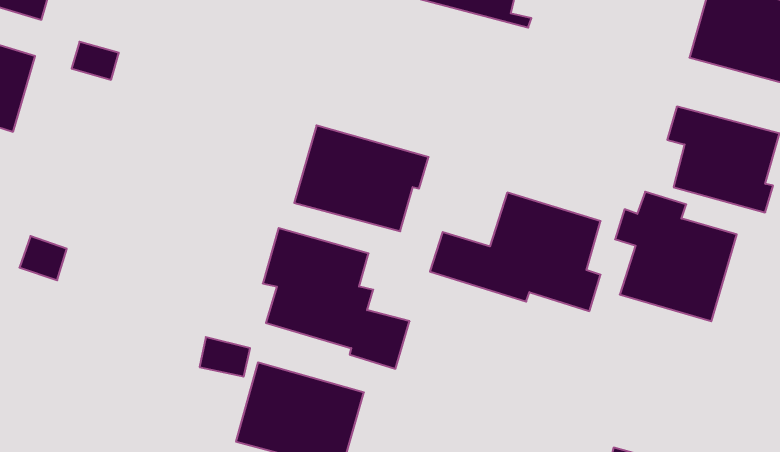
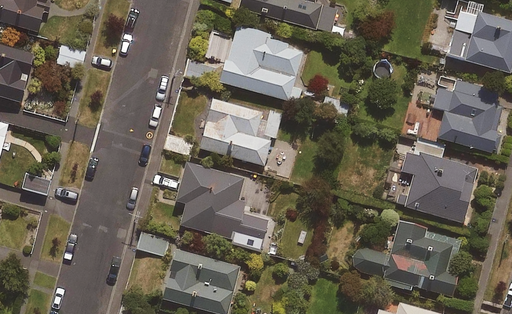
building: none -> [222,25,304,103]
building: [430,193,601,311] -> [350,221,458,296]

